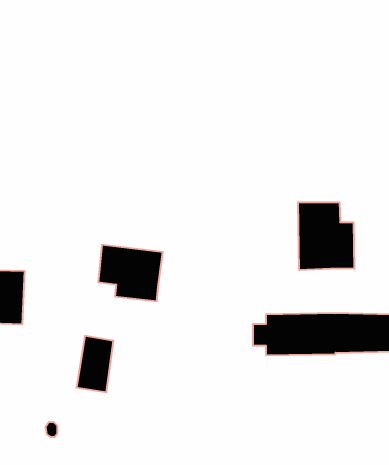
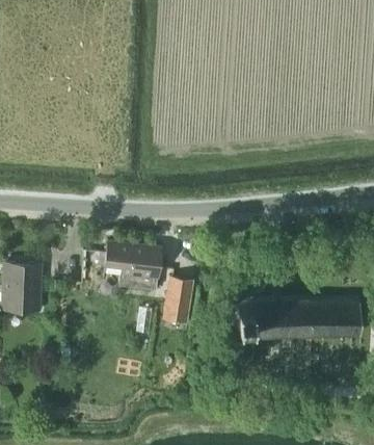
building: [298,202,354,270] -> none
building: [76,336,114,392] -> [162,276,194,324]

